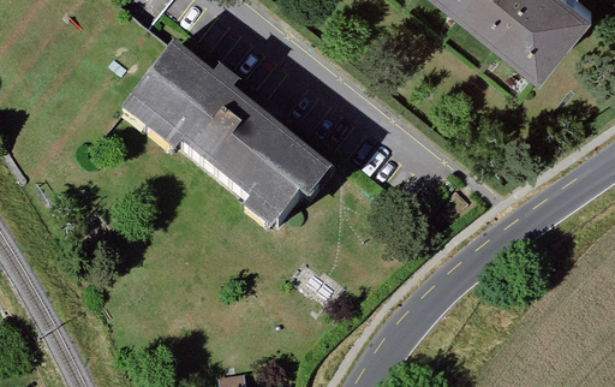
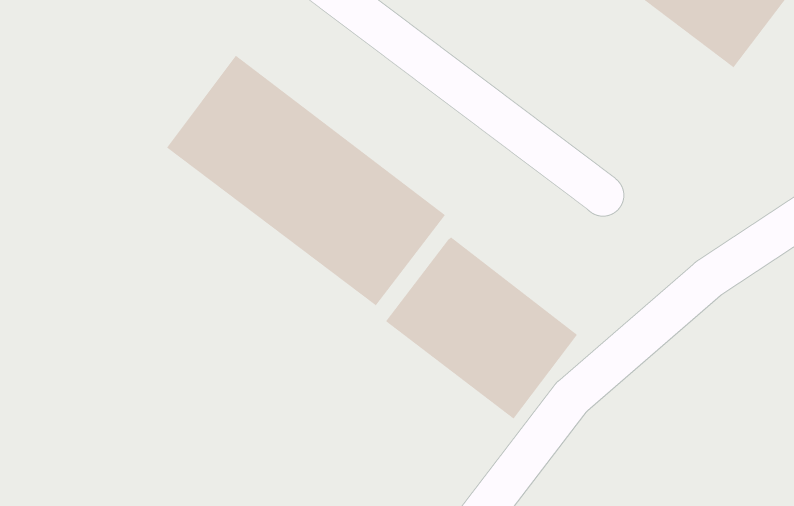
building: none -> [385,236,578,419]

